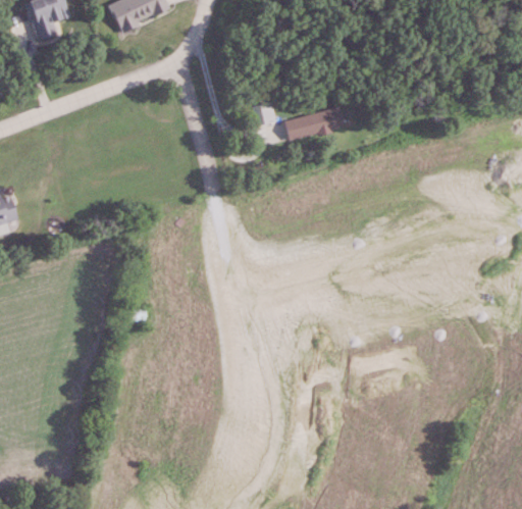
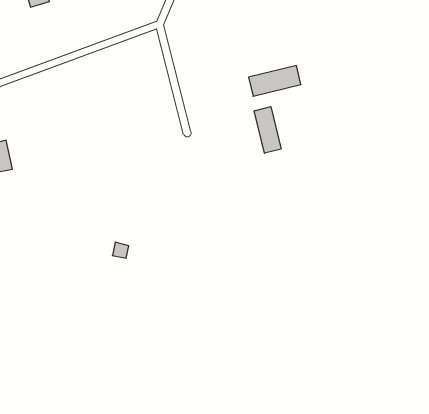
building: none -> [254,107,281,153]

